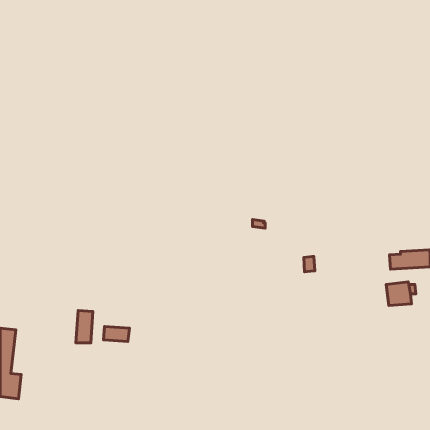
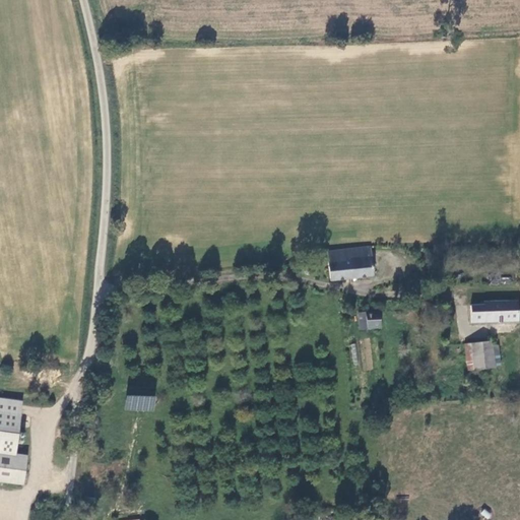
building: none -> [328,248,373,280]
building: [76,310,93,343] -> none

